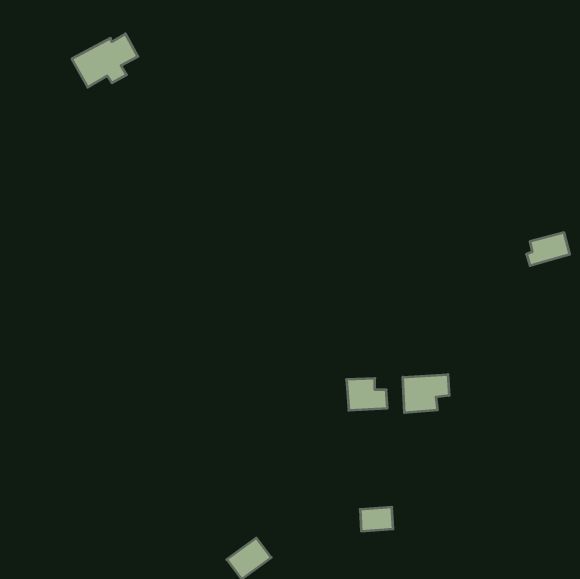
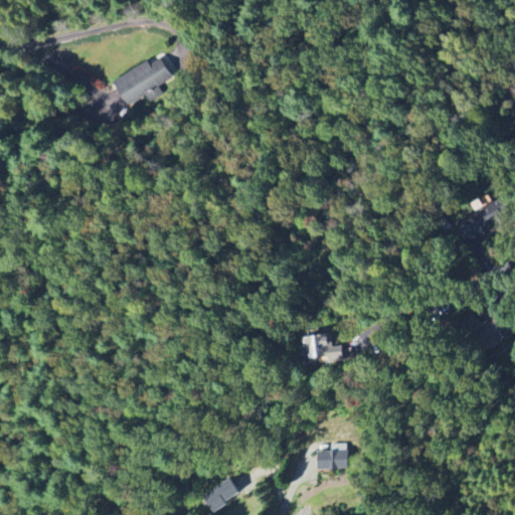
building: [72,34,138,87] -> [114,56,172,104]
building: [403,374,449,413] -> none

